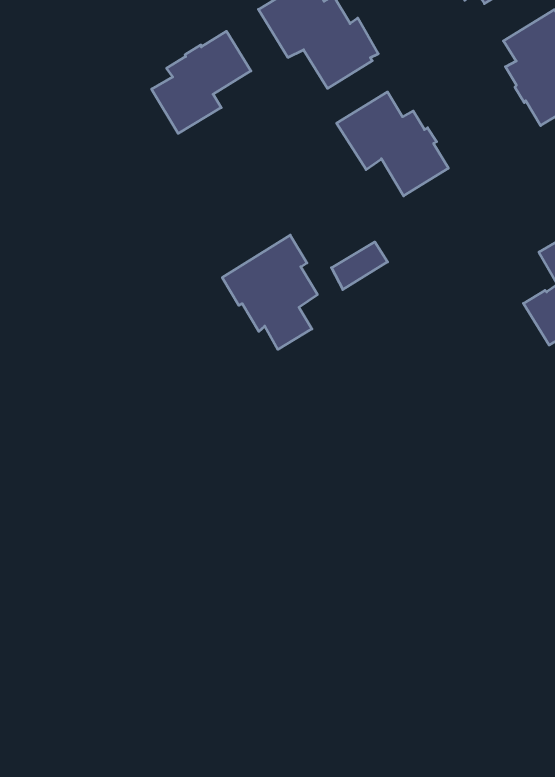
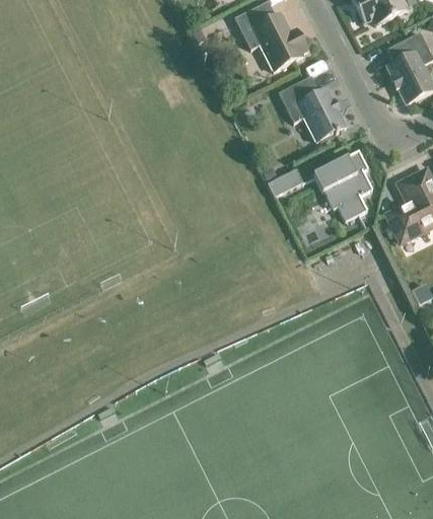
building: [152,31,251,133] -> none
building: [222,235,317,349] -> [313,151,372,222]

